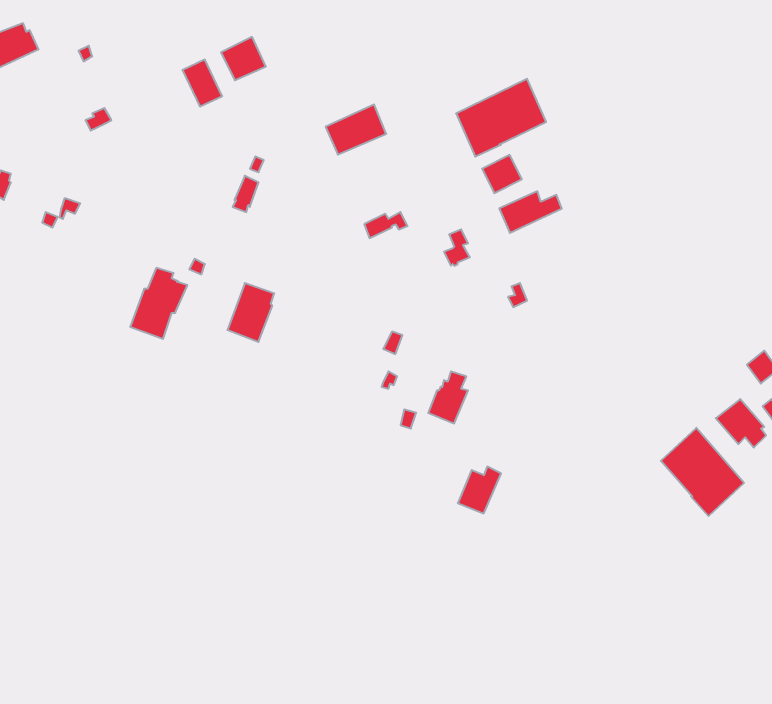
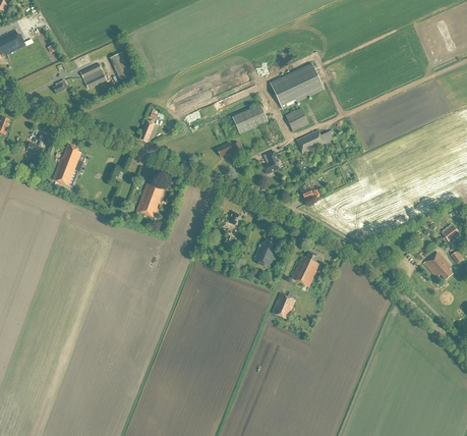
building: [221,37,266,80] -> [79,62,106,88]
building: [326,104,386,155] -> [231,103,267,132]
building: [130,268,187,339] -> [52,144,85,185]
building: none -> [290,250,318,286]
building: [661,428,744,516] -> none

